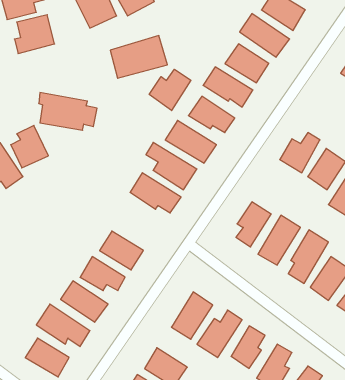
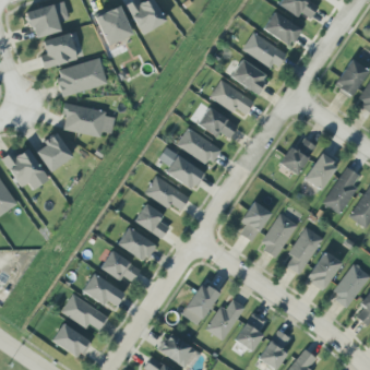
building: [110,36,167,78] -> [57,57,108,95]
building: [149,69,191,111] -> none
building: none -> [134,203,170,239]

